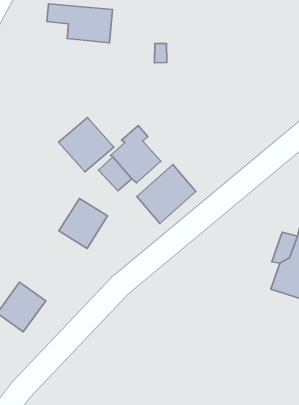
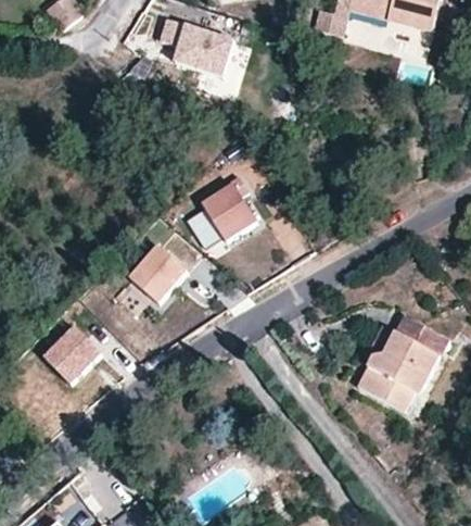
building: [59,117,114,172] -> none
building: [137,164,196,224] -> none

